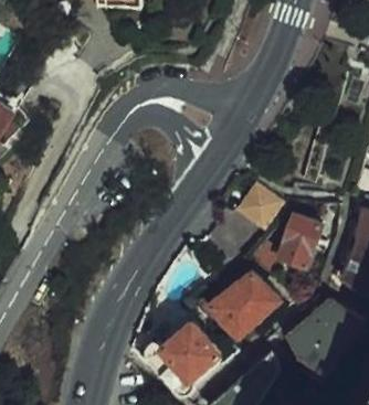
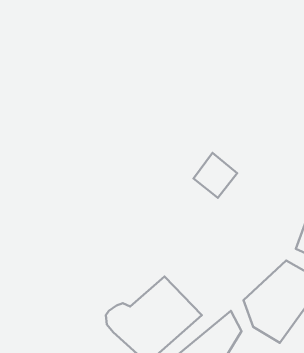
building: [275,222,319,267] -> none
building: [209,264,289,340] -> none

